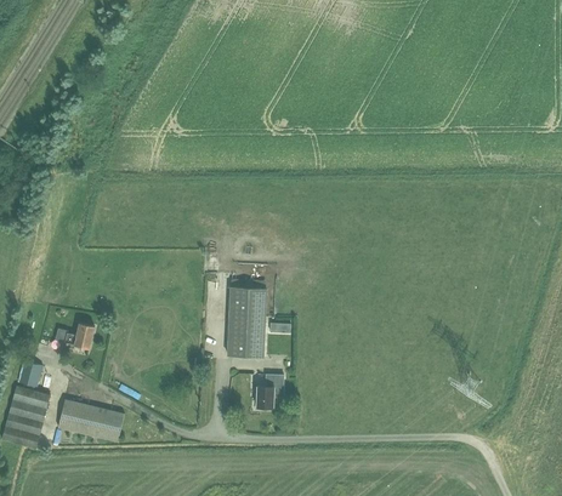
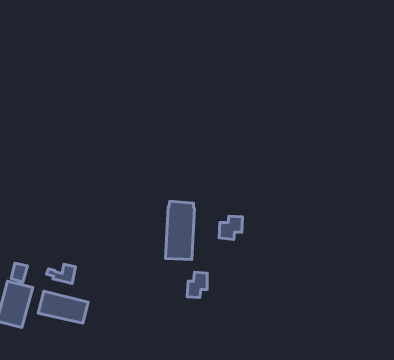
building: none -> [219,216,242,240]
building: [56,323,95,348] -> [47,264,76,283]

